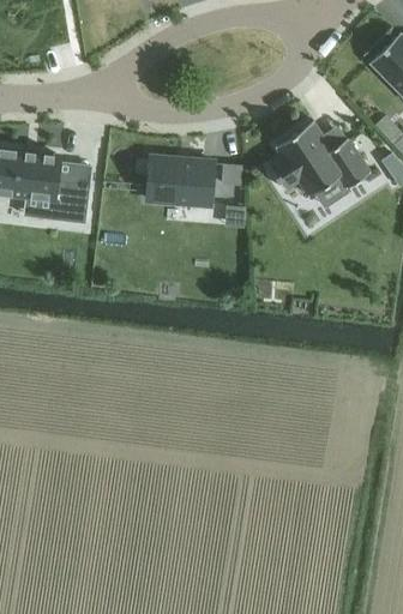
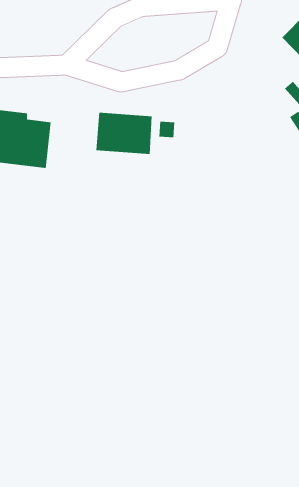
building: [270,121,371,197] -> none

